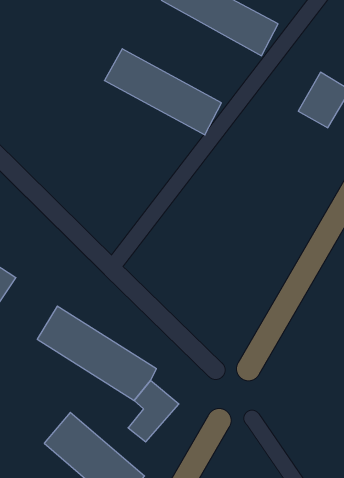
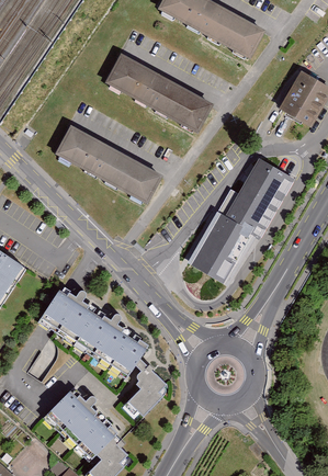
building: none -> [52,123,160,203]
building: none -> [188,158,293,288]

